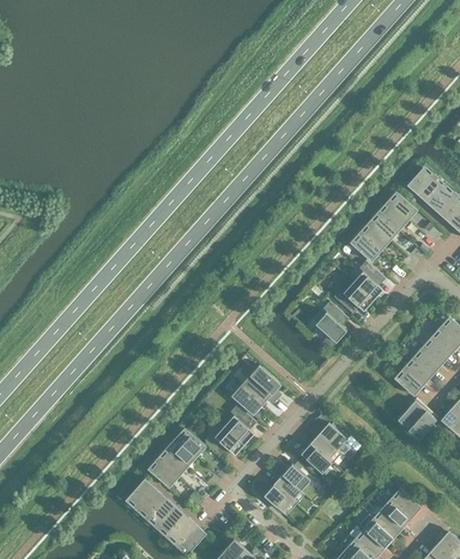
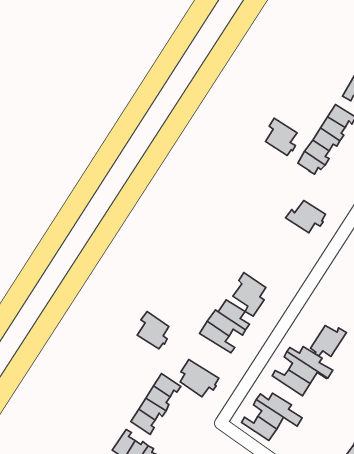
building: [353,260,386,299] -> [265,118,297,155]
building: [315,301,349,345] -> [233,272,266,316]
building: [224,404,256,443] -> [137,311,169,349]
building: none -> [310,326,347,356]

